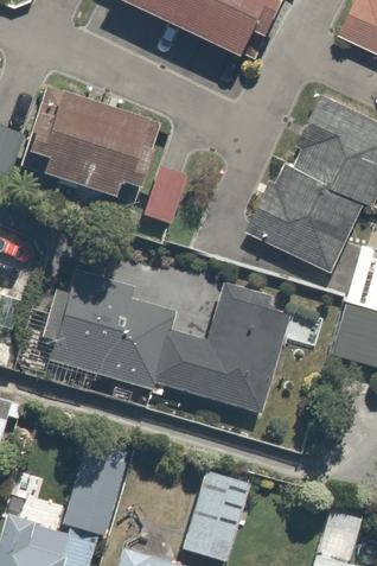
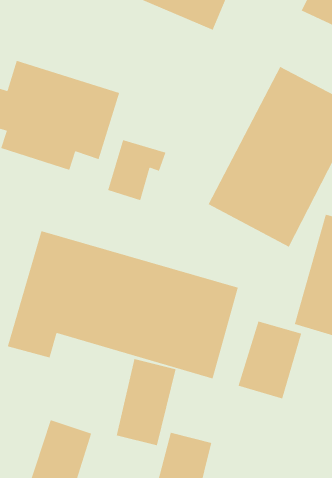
building: none -> [238,321,302,399]
building: none -> [116,358,177,446]

